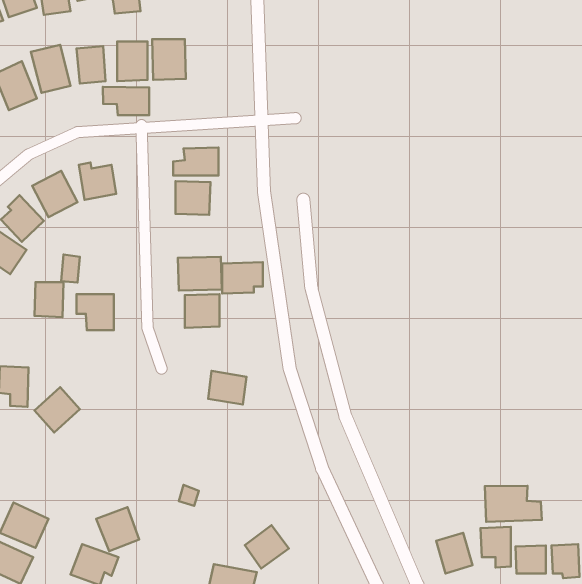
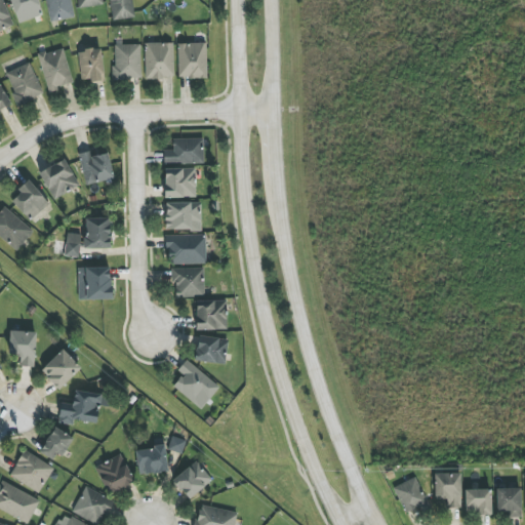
building: none -> [177,42,206,77]
building: [103,87,149,115] -> none
building: [222,262,263,294] -> [165,201,201,229]
building: [34,282,64,317] -> [85,217,111,248]
building: none -> [196,299,227,329]
building: none -> [173,359,219,408]
building: none -> [57,390,108,425]
building: none -> [40,427,71,461]
building: [485,486,542,522] -> none
building: none -> [136,445,168,474]
building: [245,525,289,568] -> [173,460,212,498]

